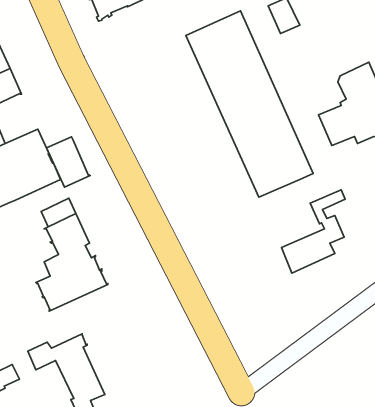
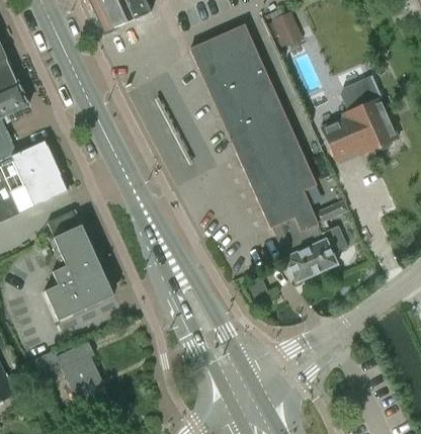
building: [47,137,90,187] -> none
building: none -> [262,190,327,257]

